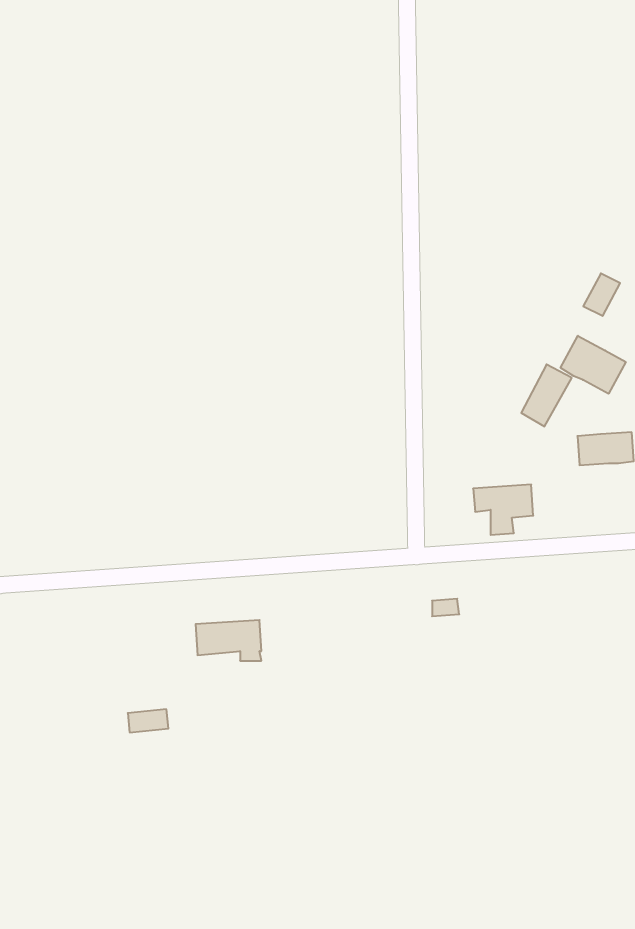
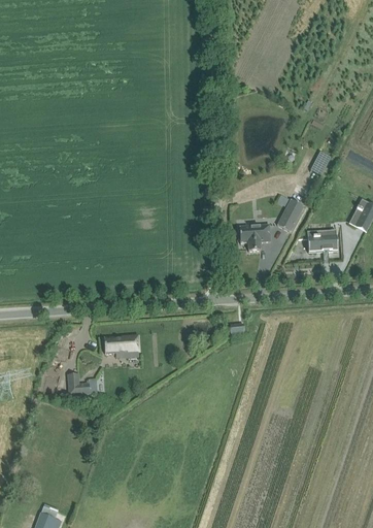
building: [561,336,626,394] -> none
building: [473,485,533,535] -> [239,224,271,251]

